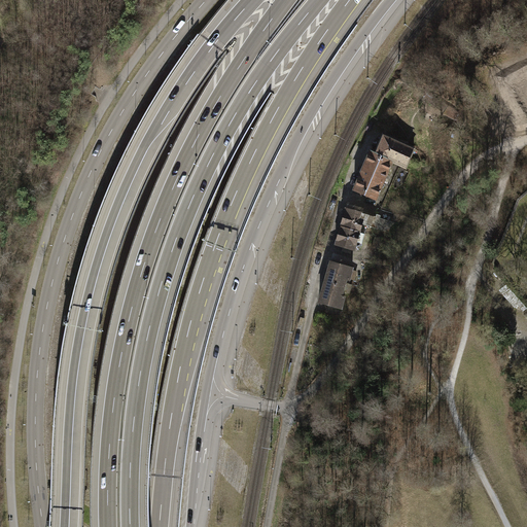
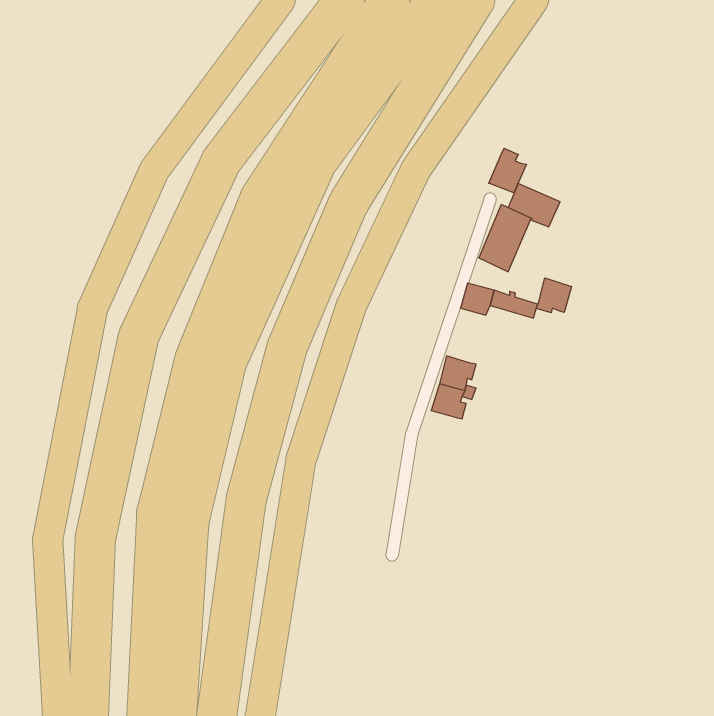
building: none -> [489,148,526,193]
building: none -> [536,278,572,313]
building: [335,226,358,250] -> none

